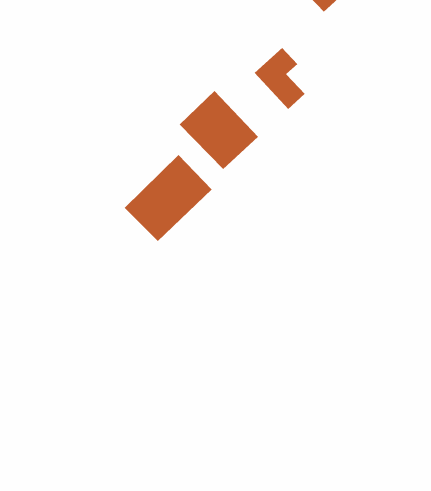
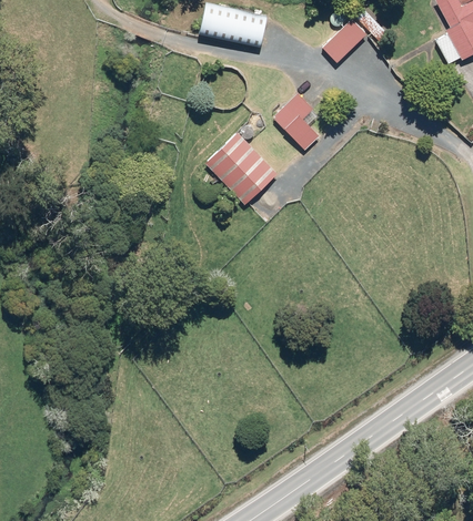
building: [124,154,213,242] -> none

